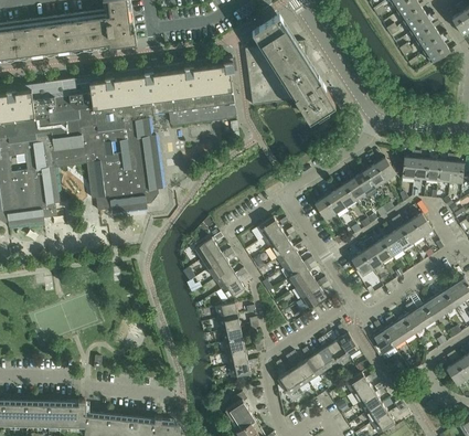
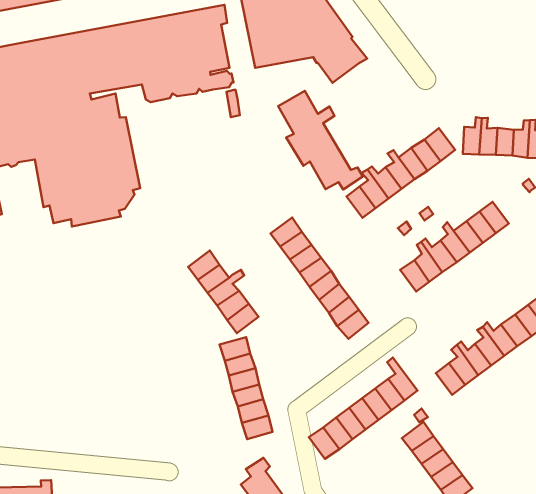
building: none -> [278,91,363,189]

